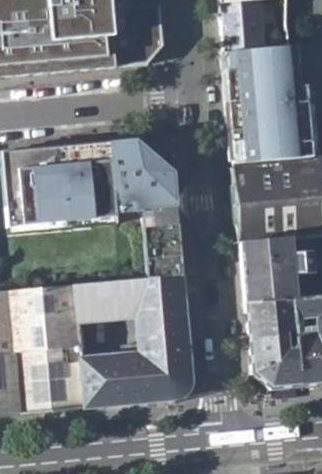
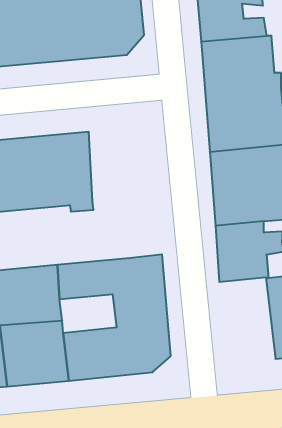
building: [106,141,183,277] -> none
building: [243,297,302,387] -> none
building: [75,315,135,356] -> none

